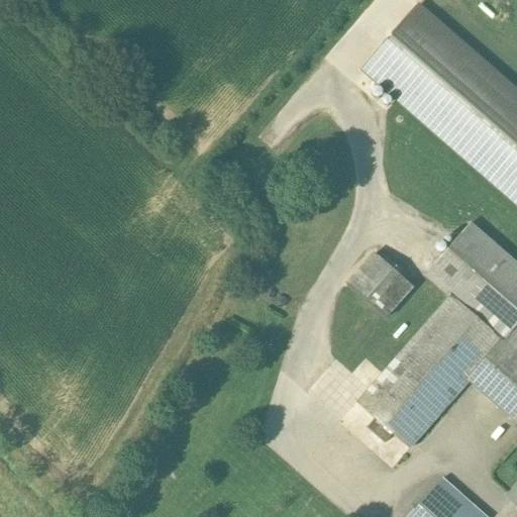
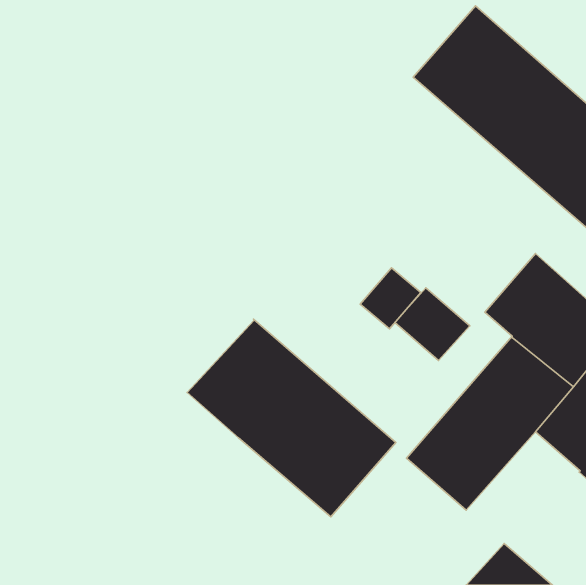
building: none -> [360,268,421,329]
building: none -> [187,319,396,517]

